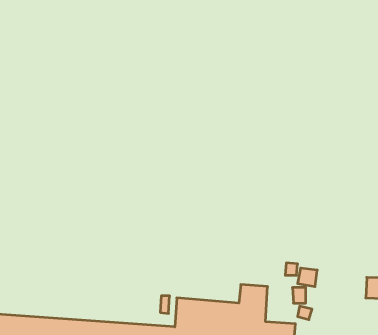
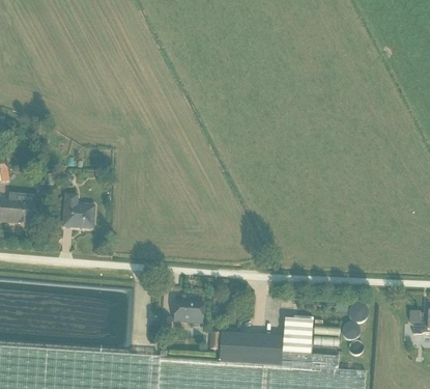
building: none -> [60,194,94,231]
building: none -> [171,298,203,324]

